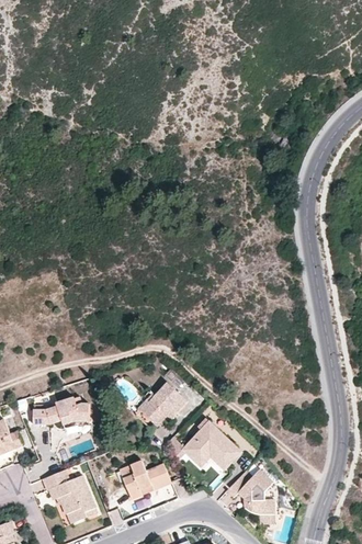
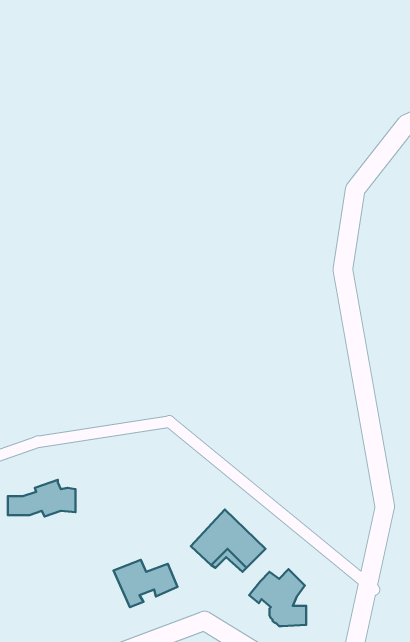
building: [138,383,186,426] -> none
building: [42,469,95,522] -> none

